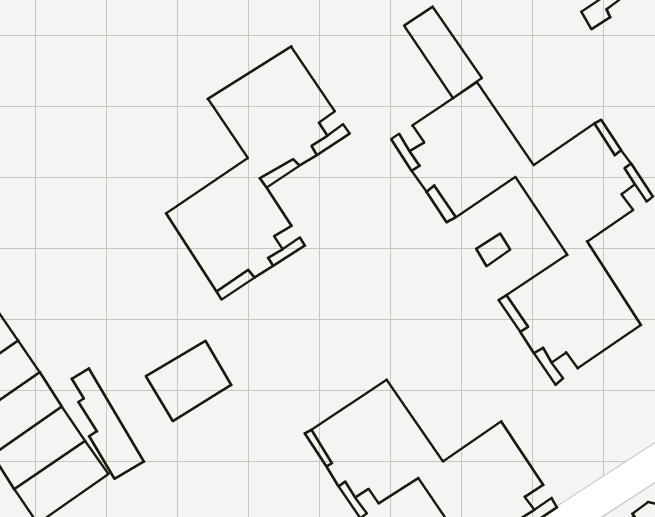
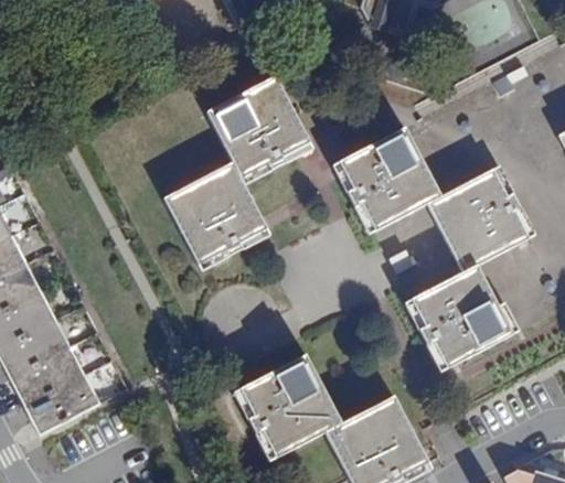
building: [404,7,482,98] -> none
building: [146,341,231,421] -> none

